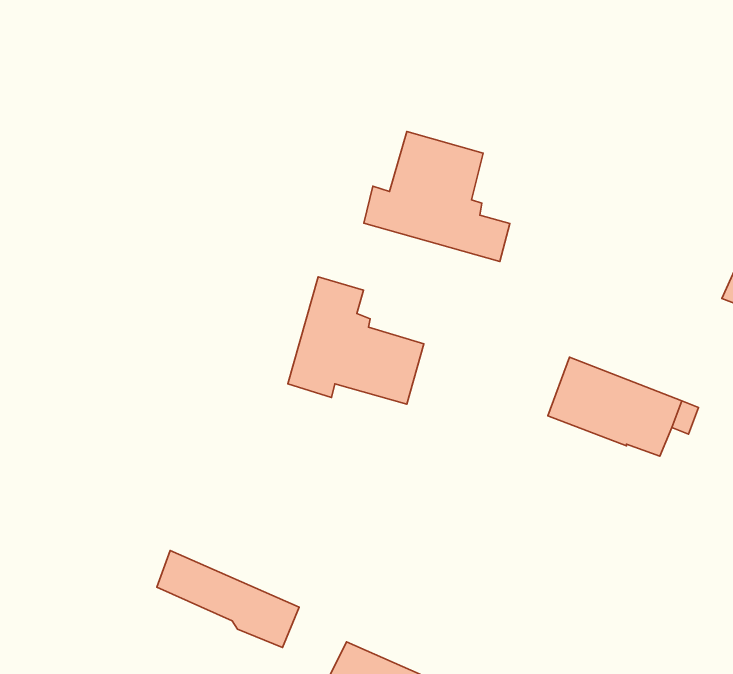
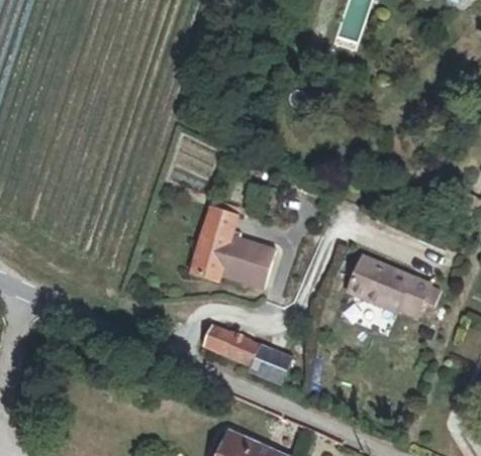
building: [364,131,510,261] -> none
building: [157,550,299,647] -> [203,323,289,381]

